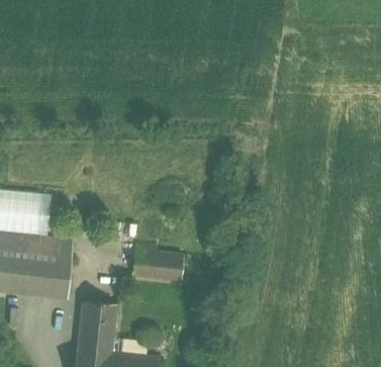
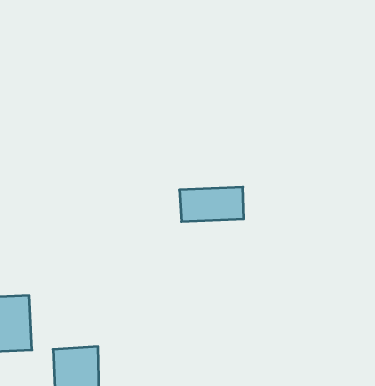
building: [133,250,184,279] -> [179,187,244,222]

